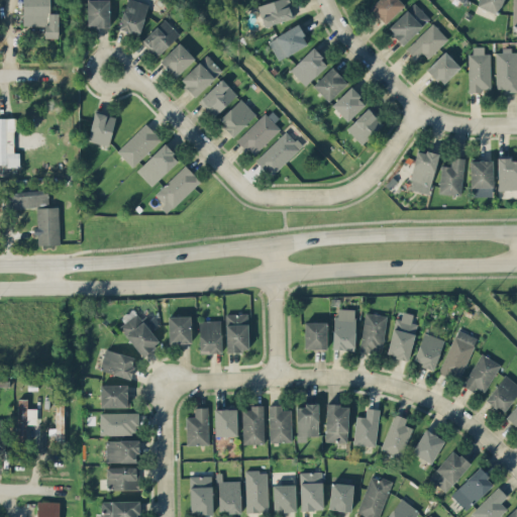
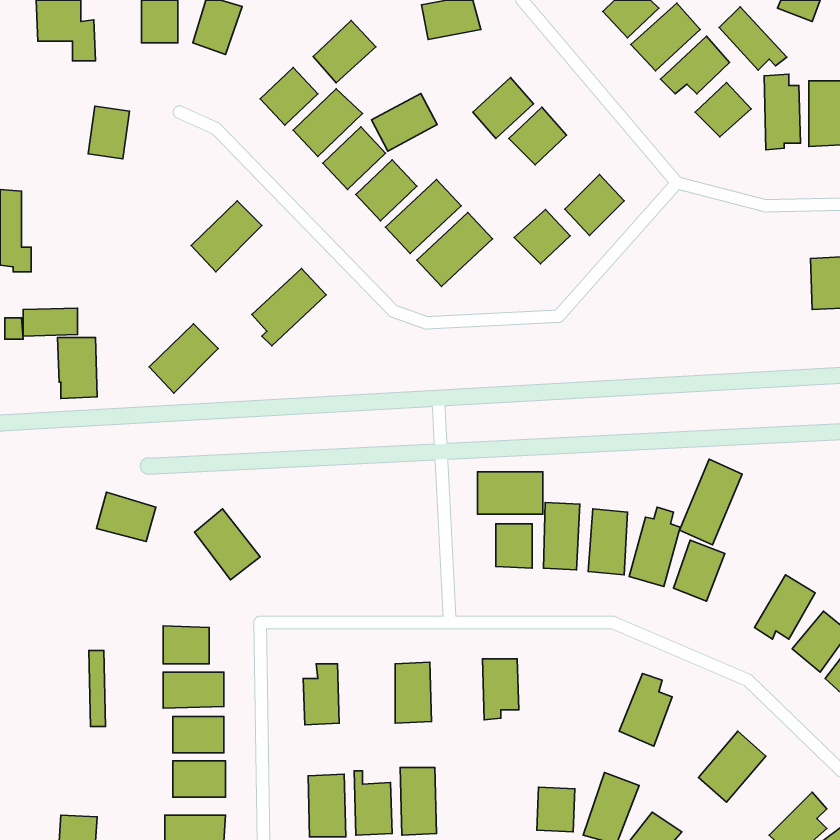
building: none -> [719,7,787,70]
building: [142,19,181,58] -> [313,20,376,83]
building: [269,25,309,61] -> [371,93,437,151]
building: [332,88,367,121] -> [514,210,570,264]
building: [90,113,115,145] -> [88,106,129,159]
building: [137,144,180,187] -> [149,324,218,393]
building: [410,150,437,194] -> none
building: [439,158,466,196] -> none
building: [471,161,494,188] -> none
building: none -> [478,472,543,514]
building: [226,314,249,352] -> none
building: [169,316,192,343] -> none
building: [200,321,222,353] -> none
building: [439,329,478,382] -> [680,459,742,545]
building: [100,348,136,379] -> [97,492,156,542]
building: [18,399,37,441] -> none
building: [270,405,293,443] -> none
building: [326,405,349,442] -> none
building: [353,408,381,447] -> none
building: [215,409,237,436] -> none
building: [412,429,445,463] -> none
building: [451,468,495,510] -> none
building: [301,472,323,510] -> none
building: [274,485,296,512] -> none

